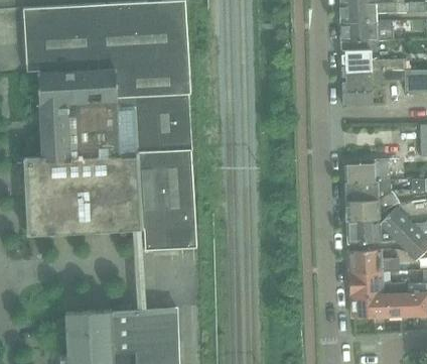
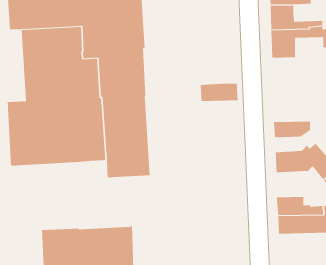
building: [344,159,391,181] -> [200,83,238,101]
building: [346,191,399,218] -> none
building: [348,249,402,272] -> none

